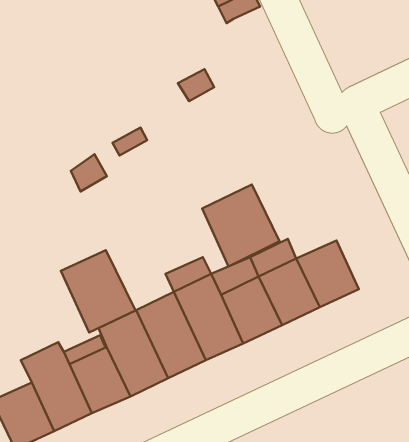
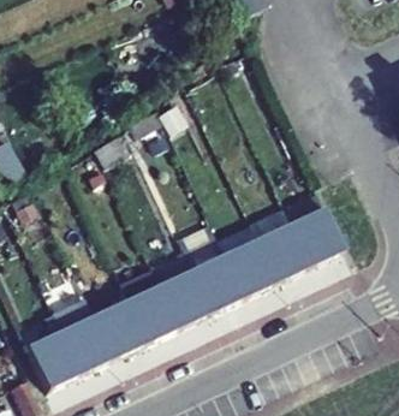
building: [202,185,279,266] -> none
building: [61,250,135,333] -> none

